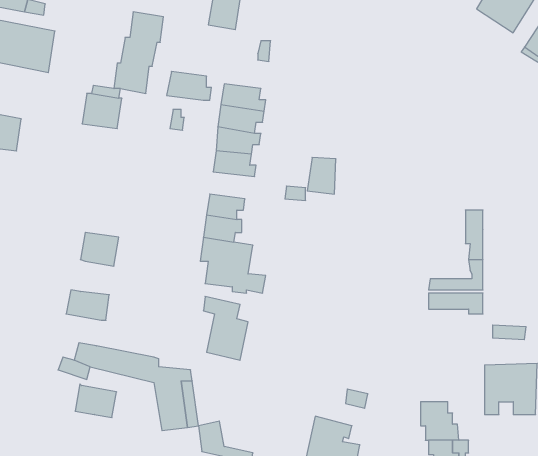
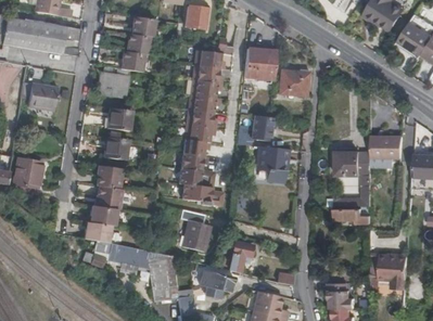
building: none -> [242,47,276,80]
building: [167,71,211,100] -> [194,49,225,68]
building: none -> [278,69,306,95]
building: none -> [103,107,128,131]
building: none -> [184,125,215,143]
building: none -> [370,132,402,165]
building: none -> [99,134,123,158]
building: none -> [256,144,286,181]
building: none -> [335,151,358,174]
building: none -> [97,185,123,209]
building: none -> [227,242,251,273]
building: [75,384,117,418] -> [82,220,111,243]
building: none -> [200,269,232,292]

